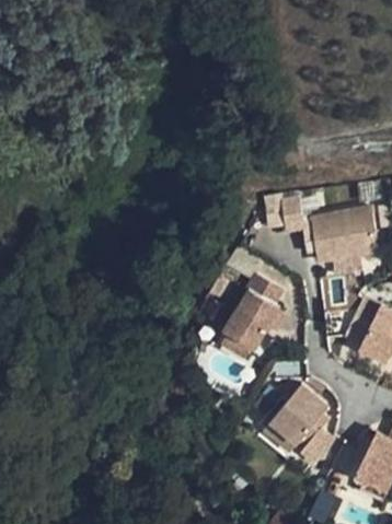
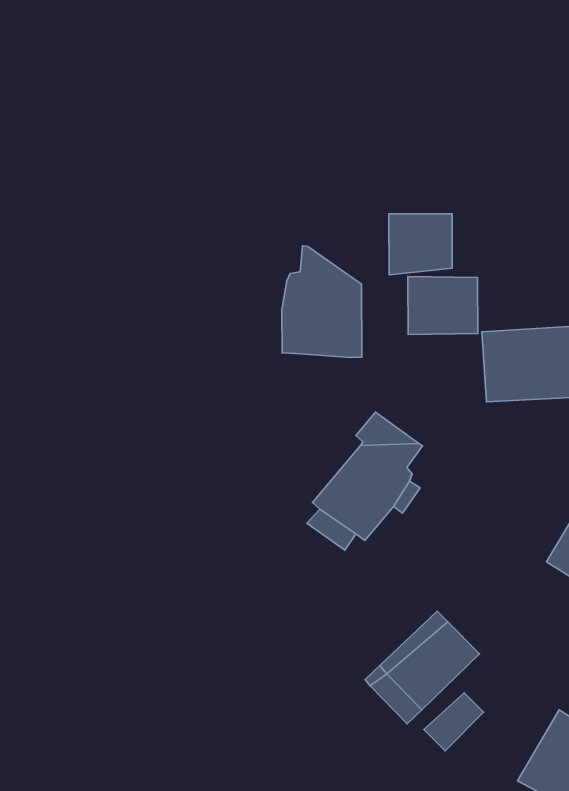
building: none -> [389,214,452,275]
building: none -> [282,246,362,358]

